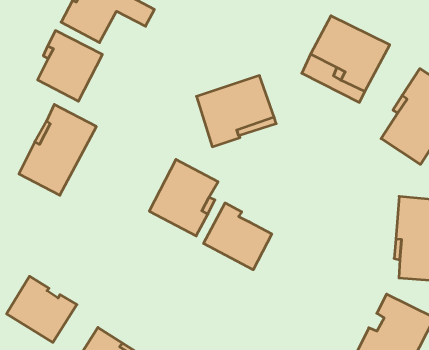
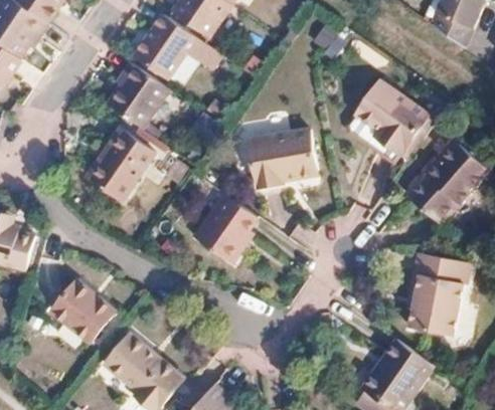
building: [204,203,272,270] -> none

